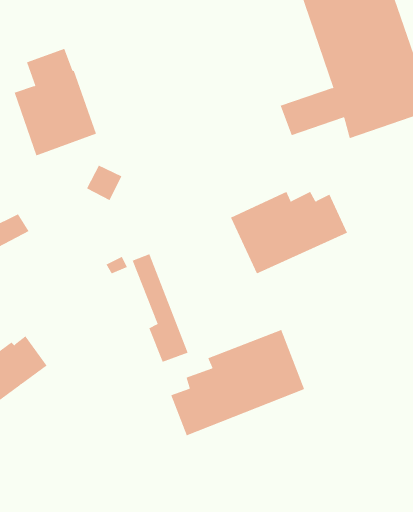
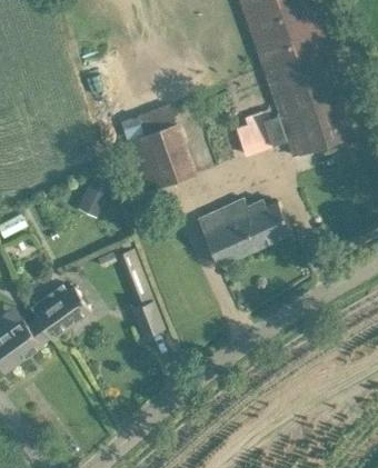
building: [14,48,97,156] -> [127,106,193,192]
building: none -> [30,286,90,339]
building: [171,329,305,436] -> none

